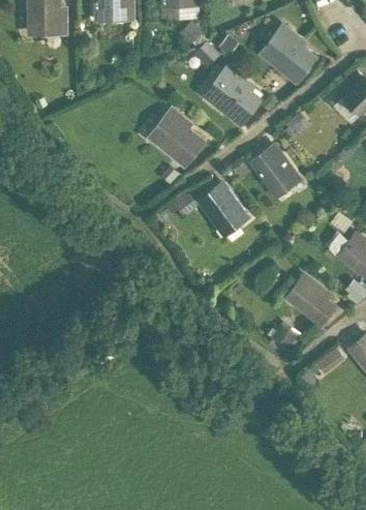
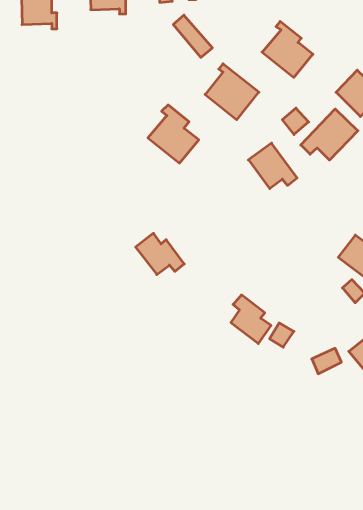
building: none -> [301,109,358,160]
building: [199,187,246,228] -> [136,233,184,275]
building: [293,276,332,324] -> [231,295,271,344]

